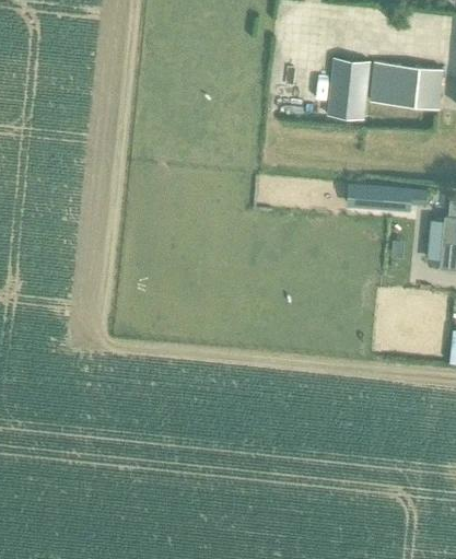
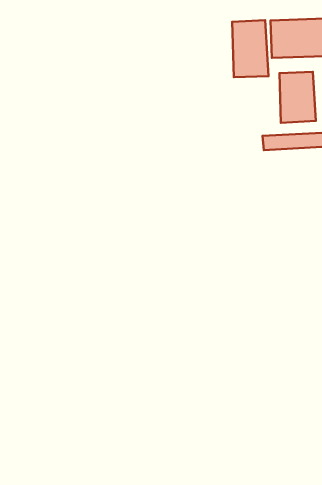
building: none -> [279,72,316,123]

